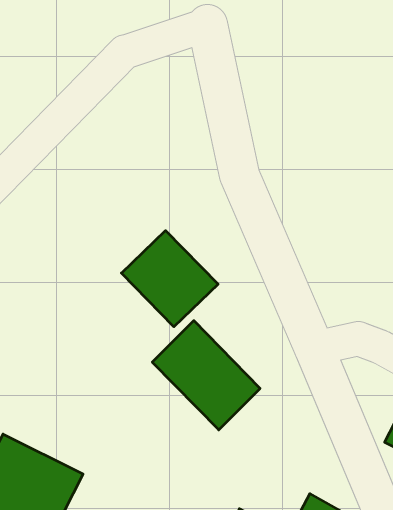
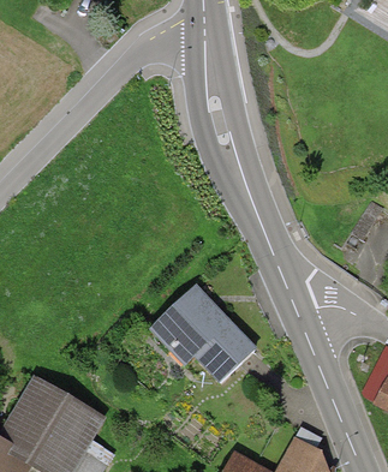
building: [121,231,218,327] -> none

